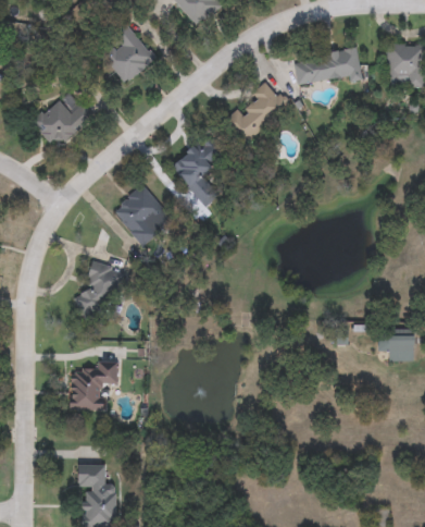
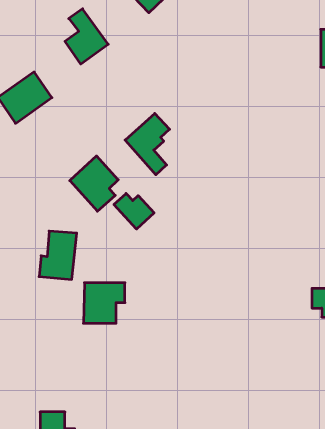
building: [292,48,361,84] -> none
building: [224,81,287,144] -> none
building: none -> [114,193,154,229]
building: [70,365,115,409] -> [83,283,125,323]

